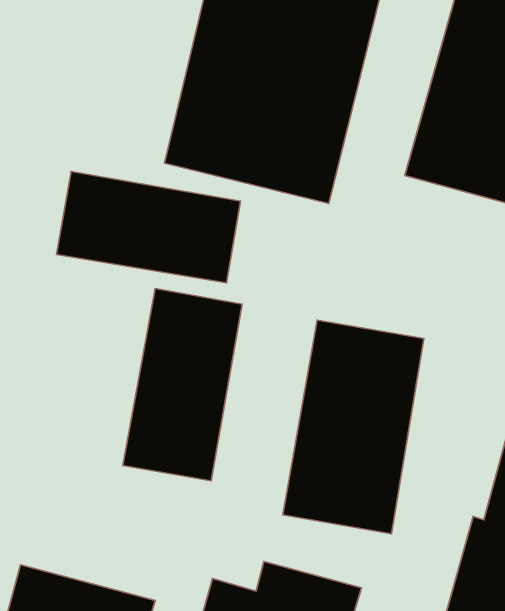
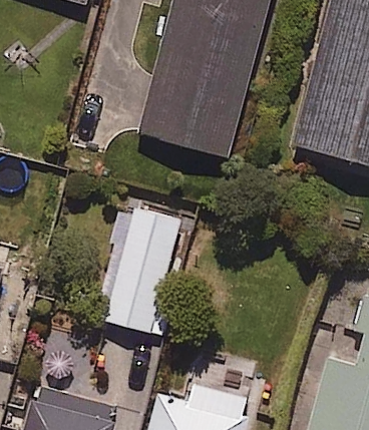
building: [57,171,241,283] -> none
building: [283,320,424,534] -> none

